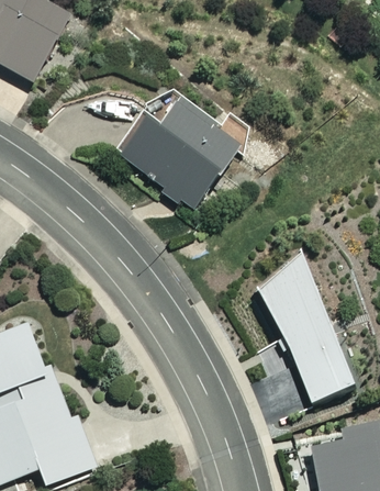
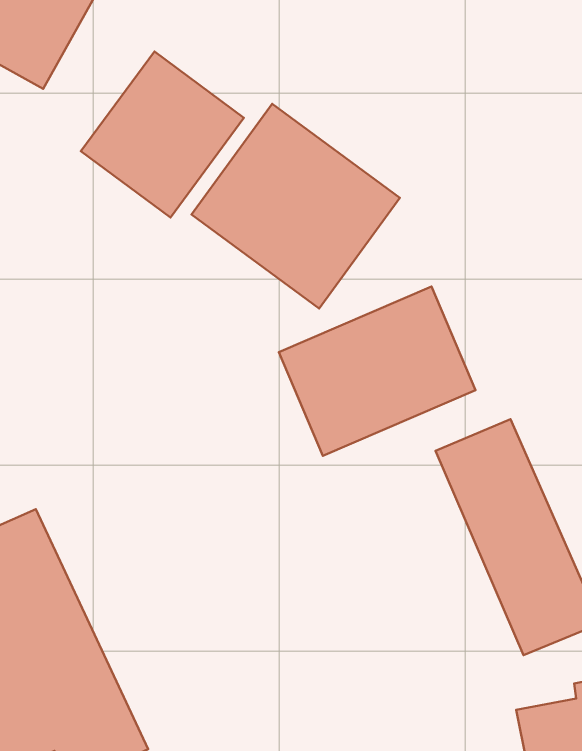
building: none -> [81,51,244,218]
building: none -> [279,286,475,456]

